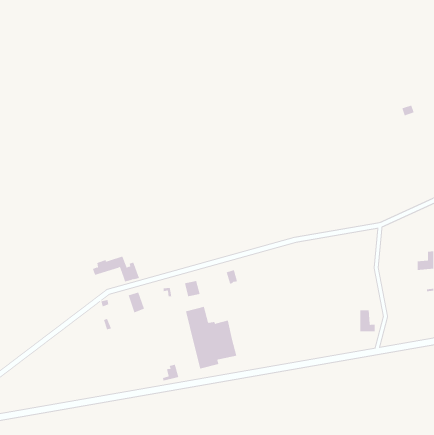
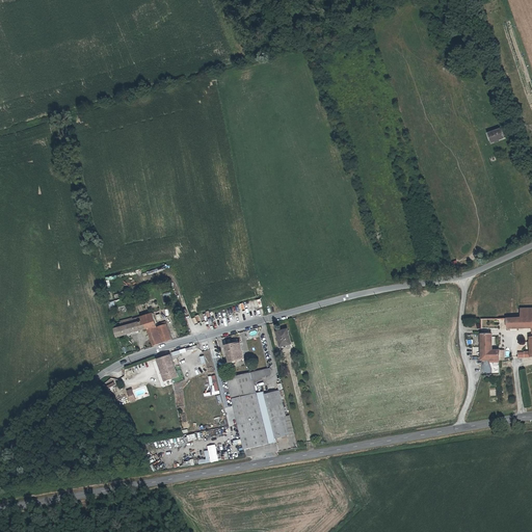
building: [359,310,376,332] -> [481,332,501,360]

